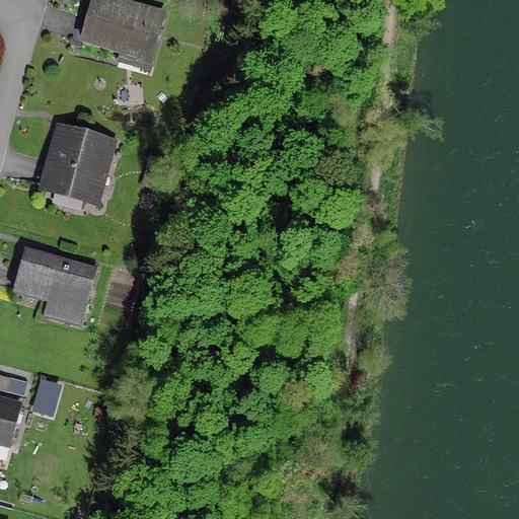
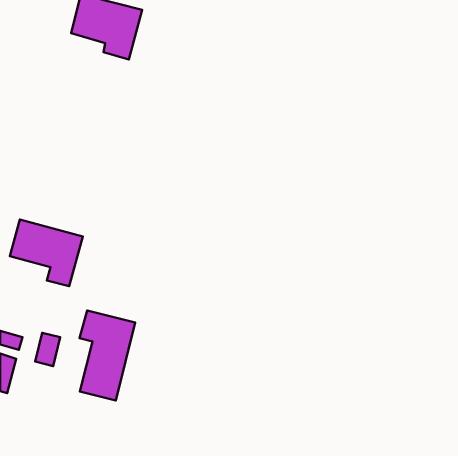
building: [42,127,113,199] -> none
building: none -> [79,311,135,400]

